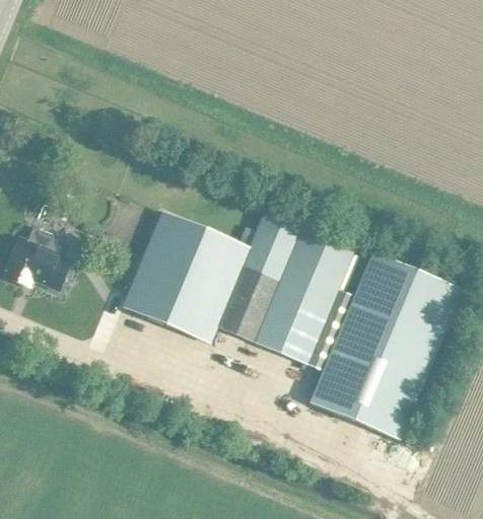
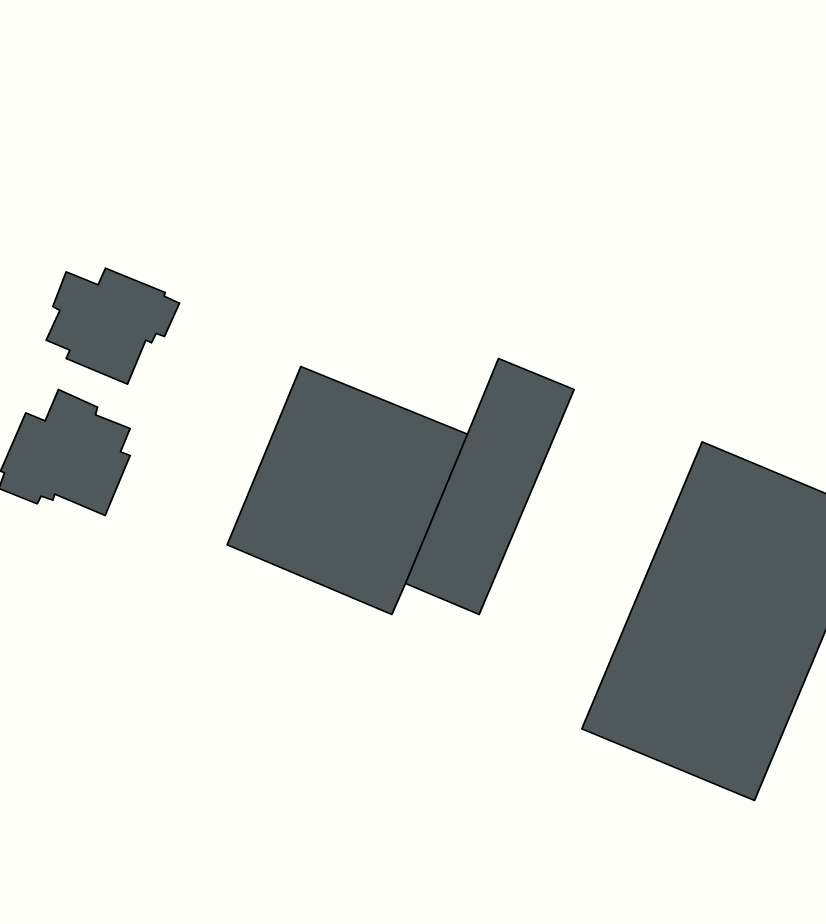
building: none -> [46,268,179,384]
building: [256,225,356,364] -> none

